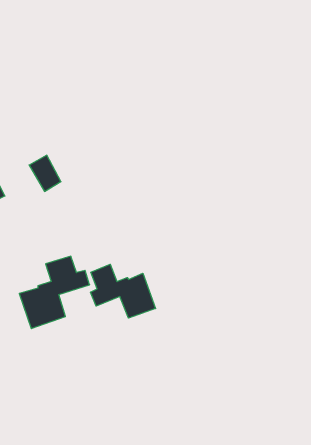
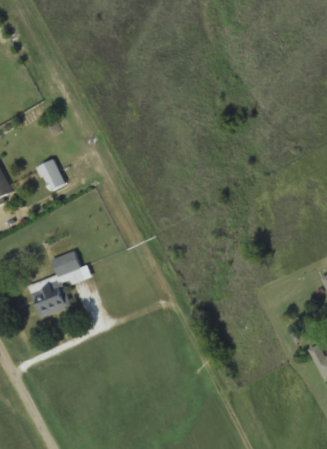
building: [91,264,156,318] -> none

